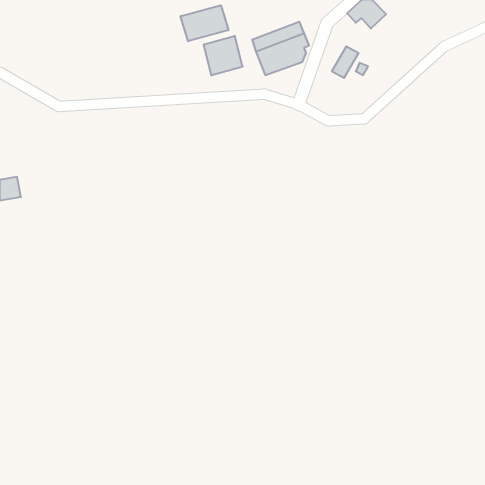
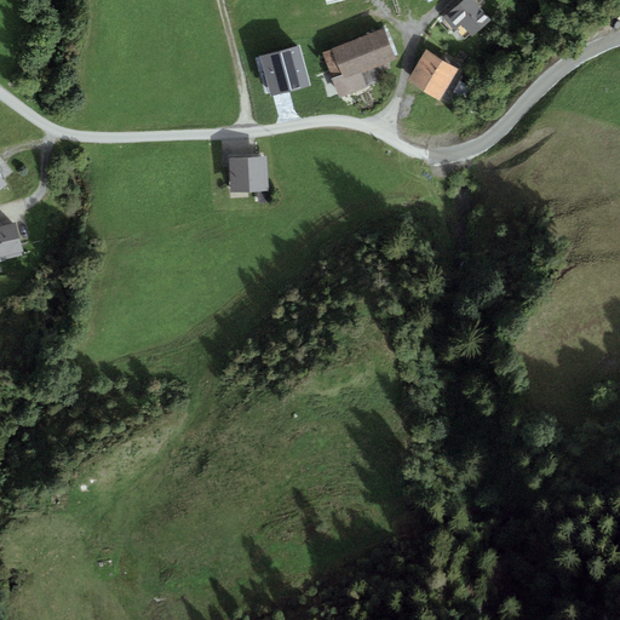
building: [181,5,228,41] -> none
building: none -> [407,50,441,91]
building: none -> [228,155,265,190]

